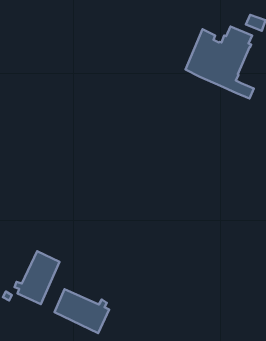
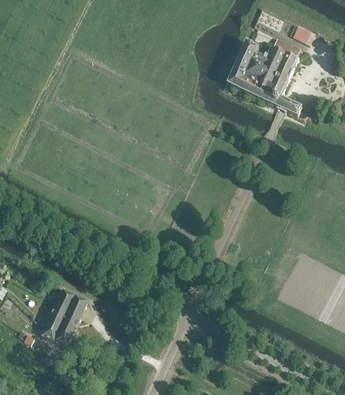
building: [54,289,109,333] -> none

